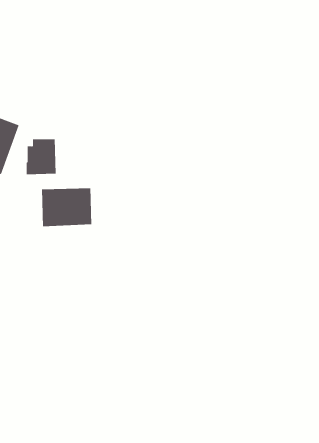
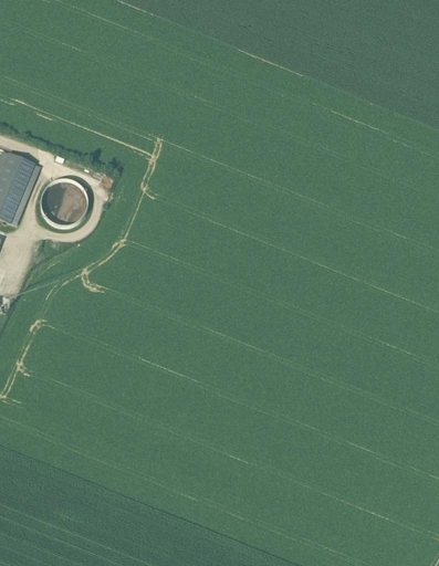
building: [42,188,92,227] -> none

